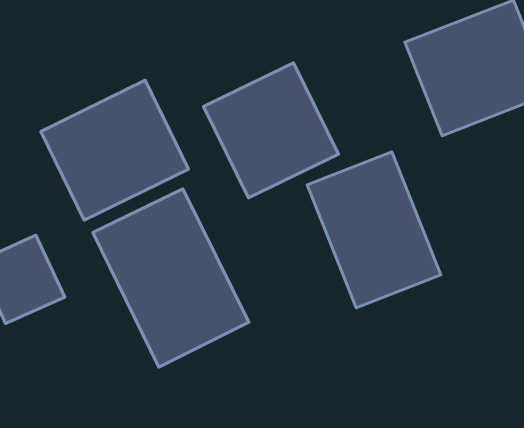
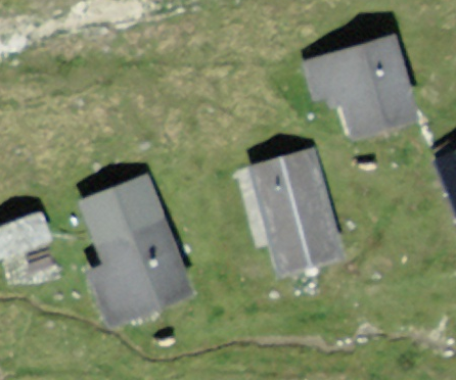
building: [204,63,338,198] -> none
building: [41,80,188,220] -> none

